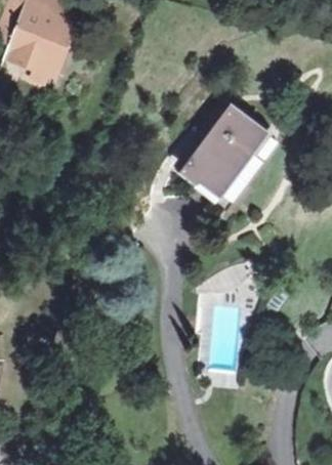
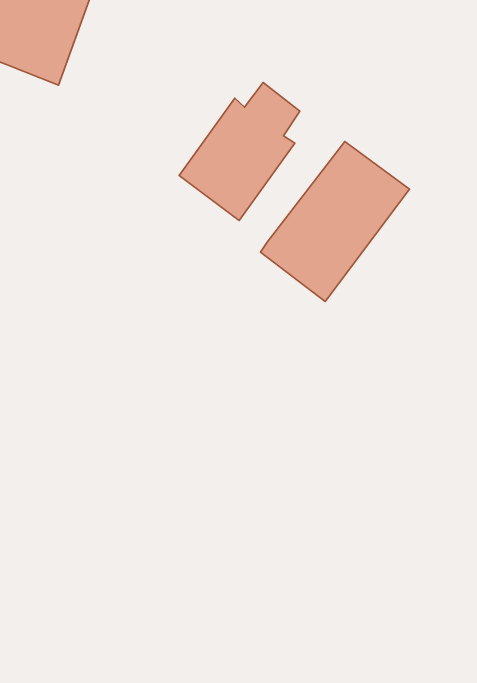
building: none -> [179,83,300,221]

